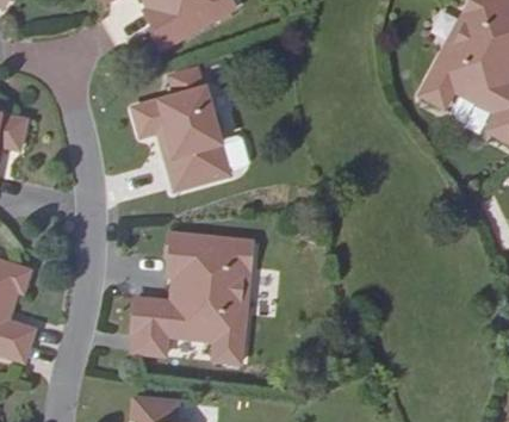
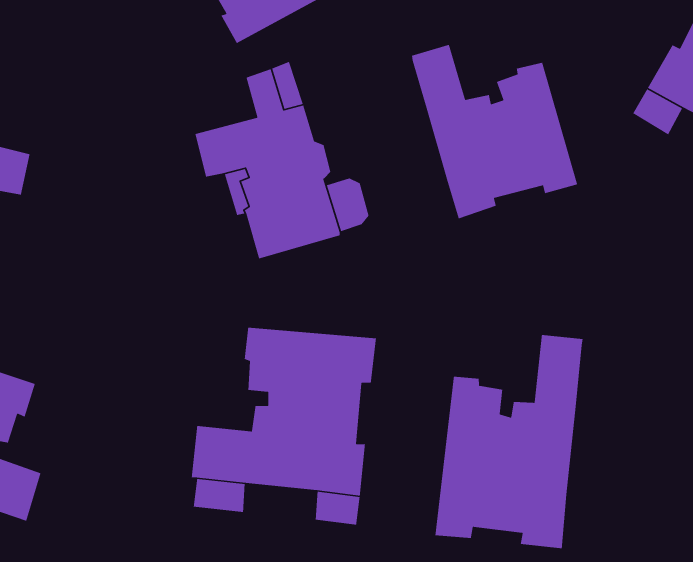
building: none -> [411,44,578,219]
building: none -> [435,334,584,549]

